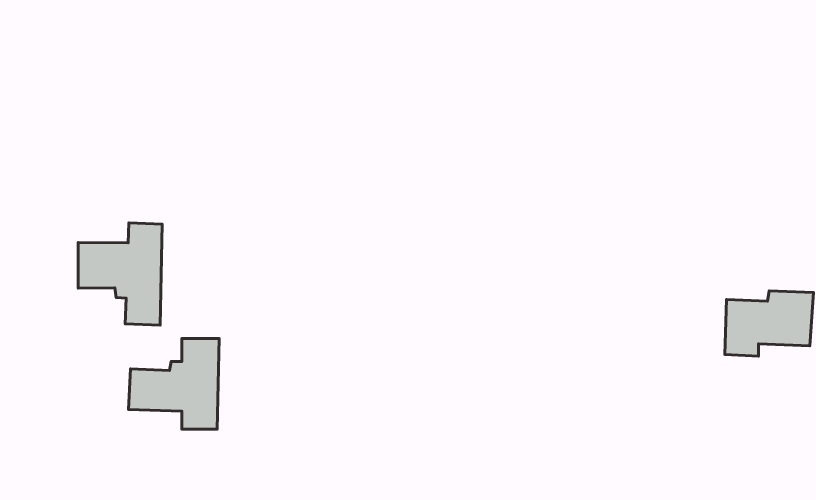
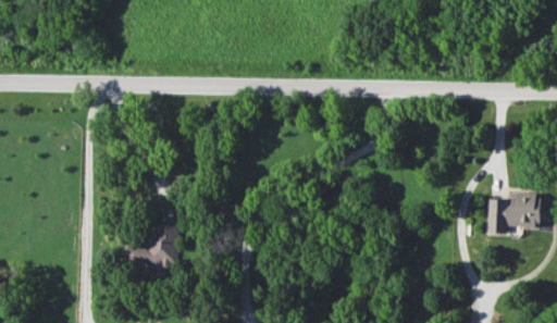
building: [78,223,162,325] -> none

